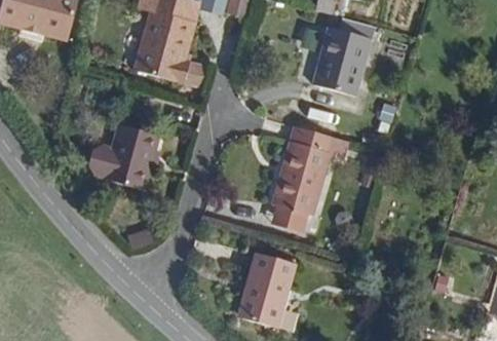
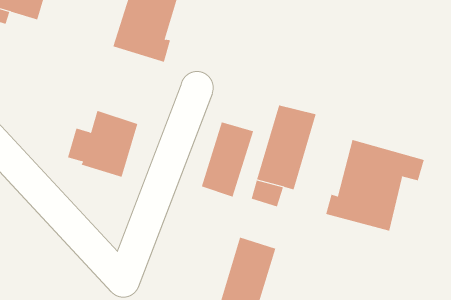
building: [311,25,373,92] -> none
building: none -> [201,121,254,197]
building: none -> [325,139,425,232]

